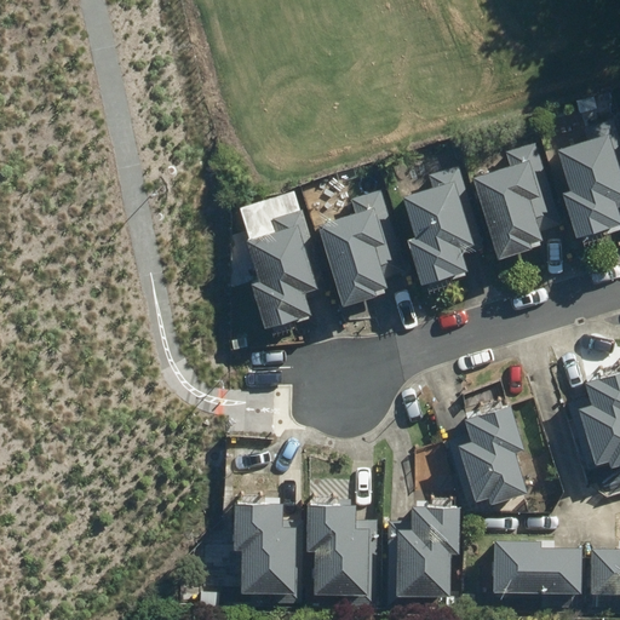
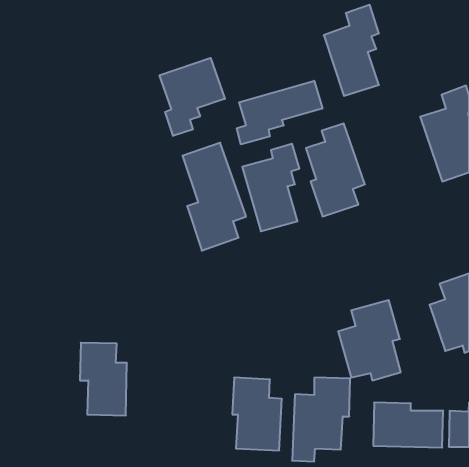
building: none -> [160,58,225,136]
building: none -> [237,81,322,144]
building: [473,142,546,262] -> [324,5,379,96]
building: [234,500,295,596] -> [80,343,127,415]

